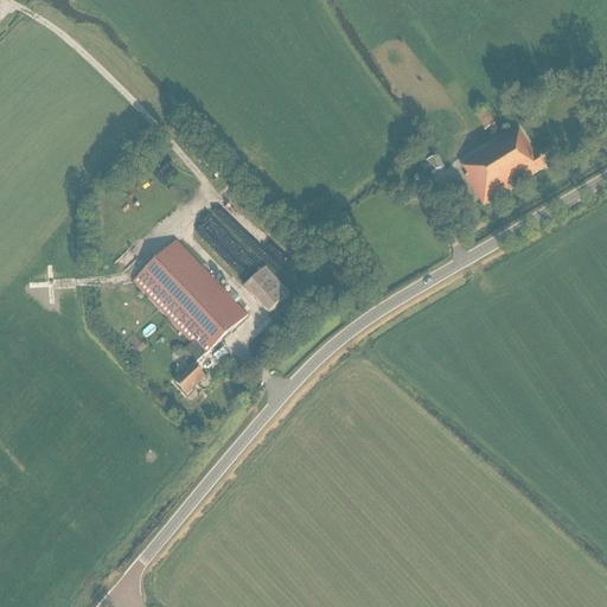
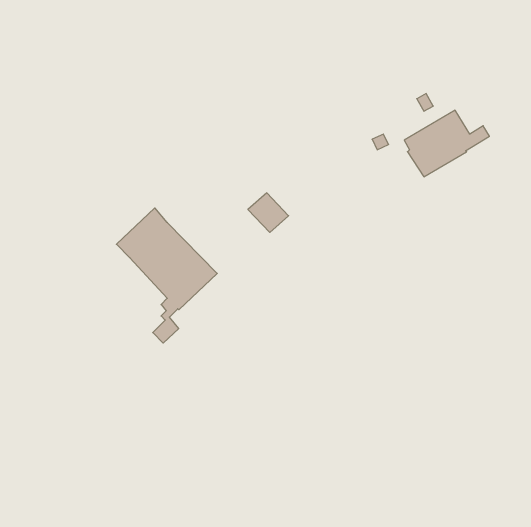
building: [243,264,289,309] -> [248,193,289,232]

